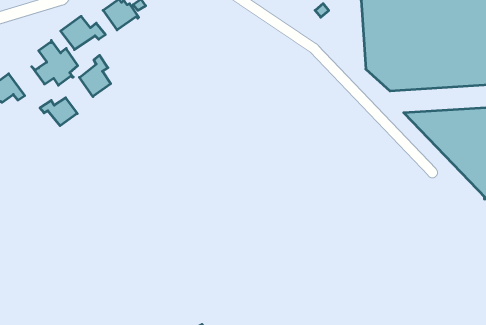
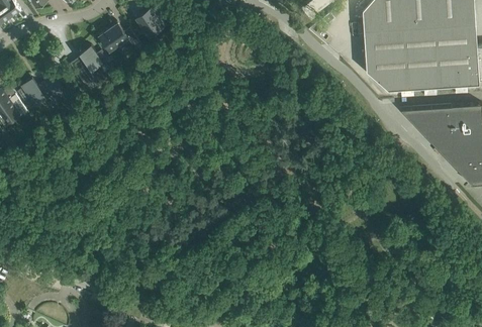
building: [79,55,111,97] -> none
building: [40,98,77,126] -> none

